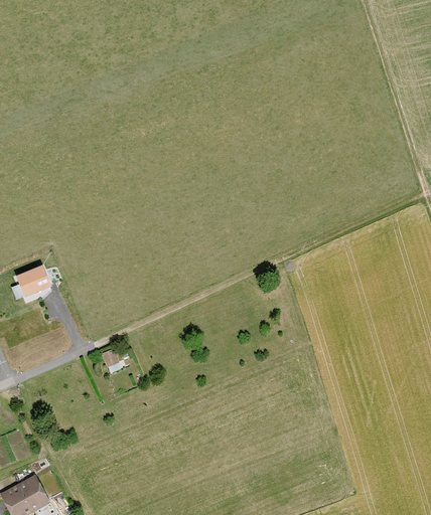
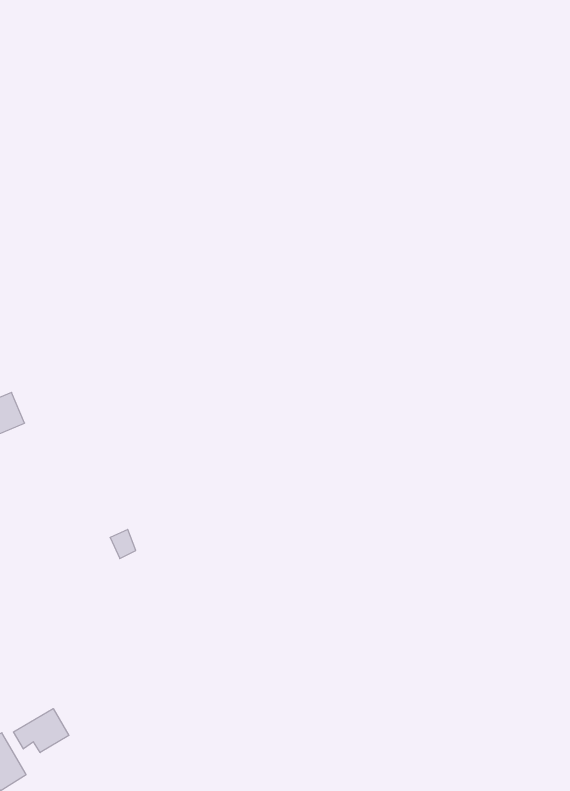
building: none -> [13,709,69,753]

